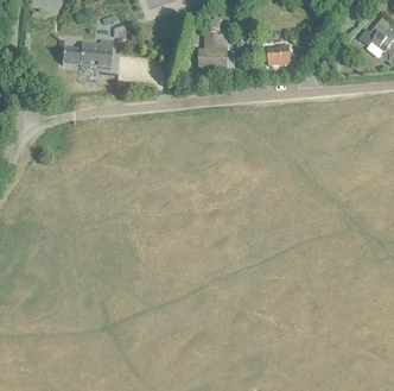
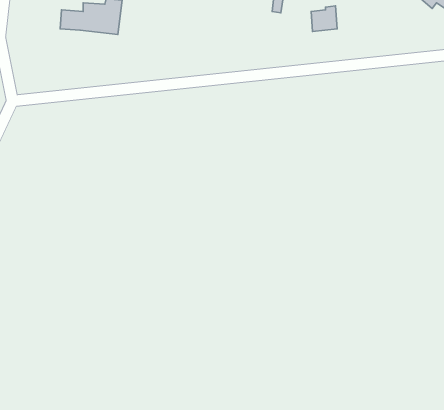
building: [198,48,234,67] -> none

